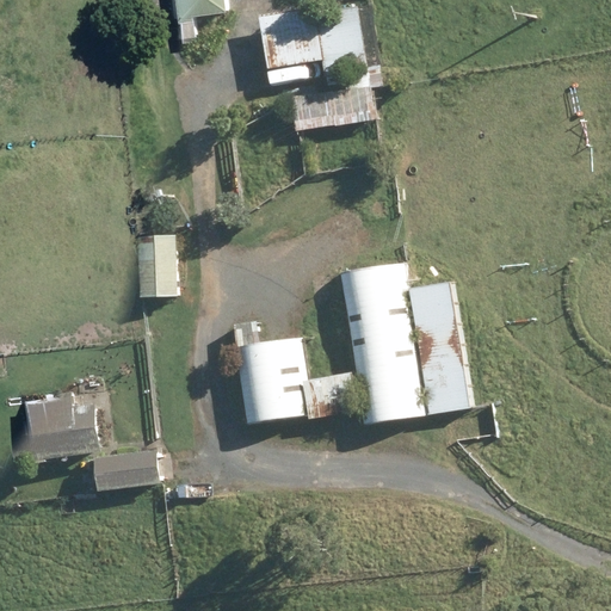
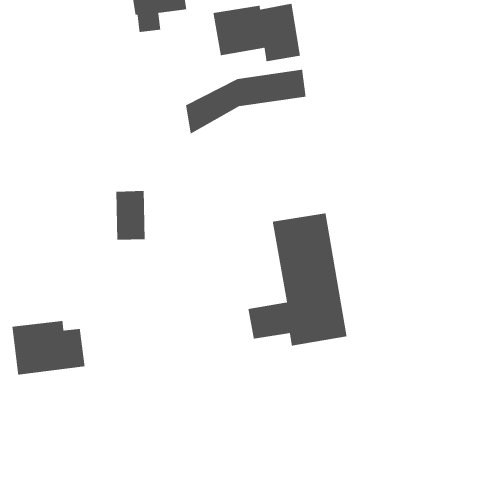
building: [408,280,475,412] -> none
building: [229,320,307,424] -> none
building: [98,451,161,489] -> none

